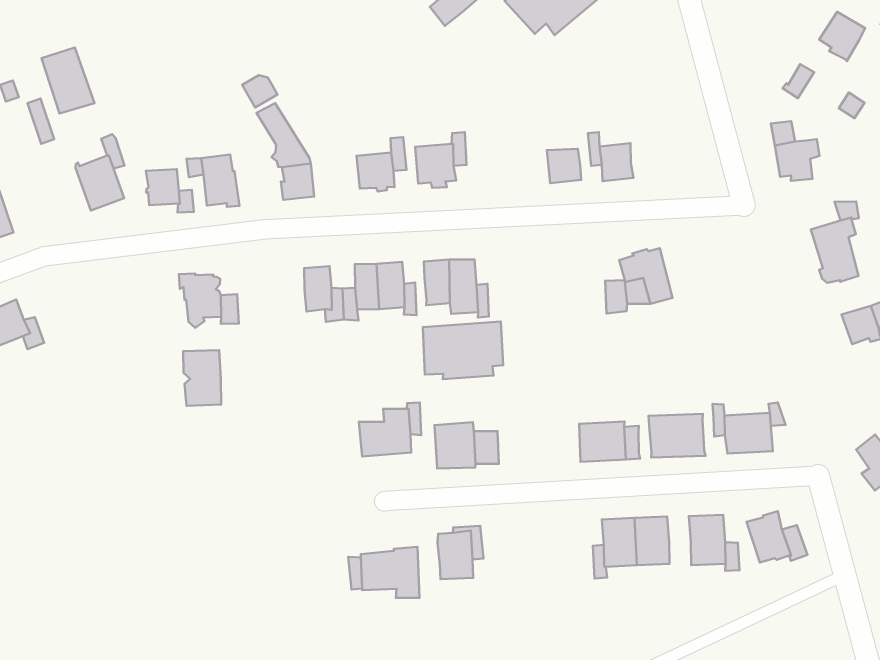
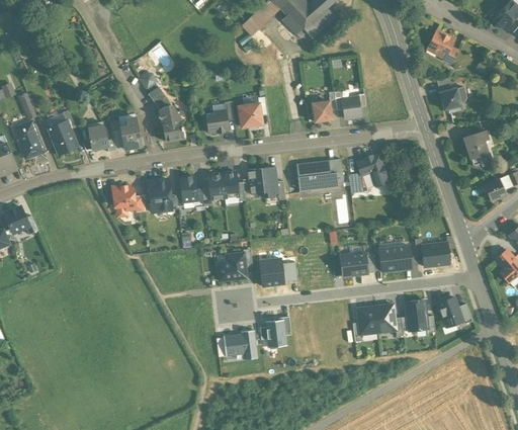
building: [819,12,865,61] -> [428,30,453,58]
building: [41,48,95,114] -> [13,121,45,159]
building: [423,322,503,379] -> [296,158,343,192]
building: [183,350,221,406] -> [148,179,171,211]

